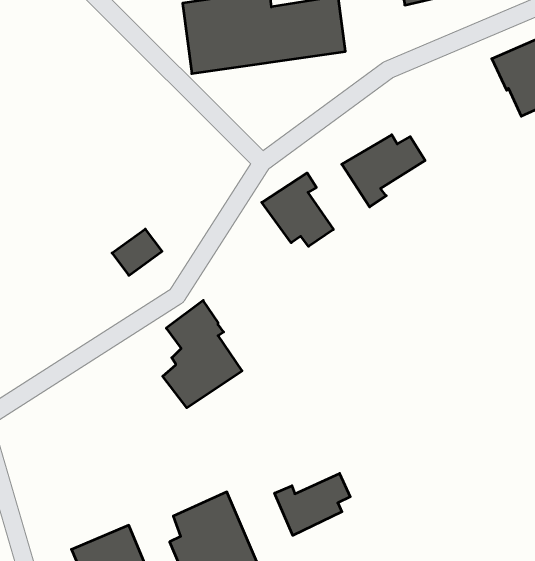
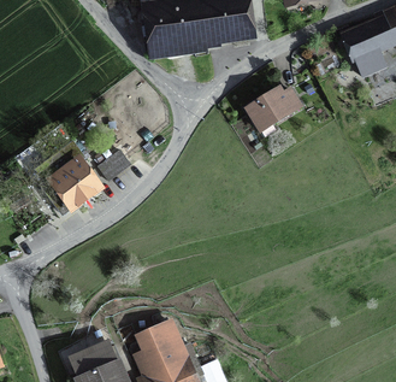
building: [262,173,333,246] -> none
building: [163,300,242,408] -> [47,143,99,213]
building: [275,473,350,535] -> none

